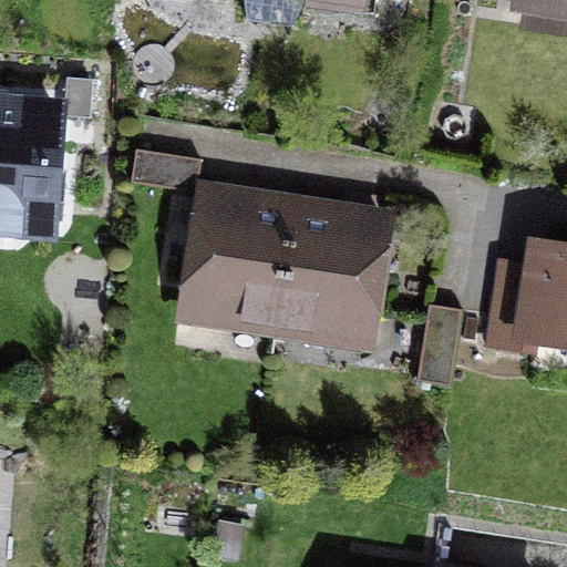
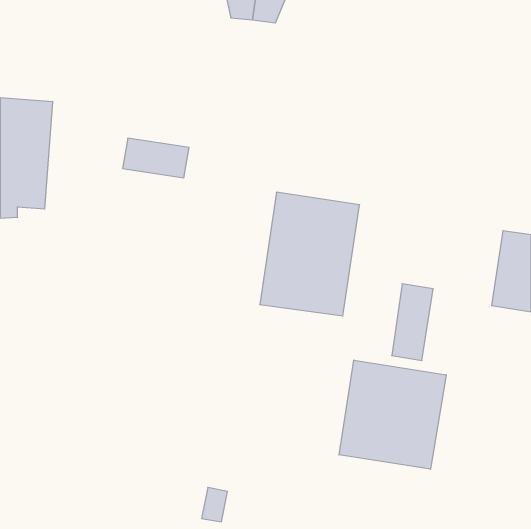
building: [187,193,295,324] -> none
building: none -> [339,360,446,469]

